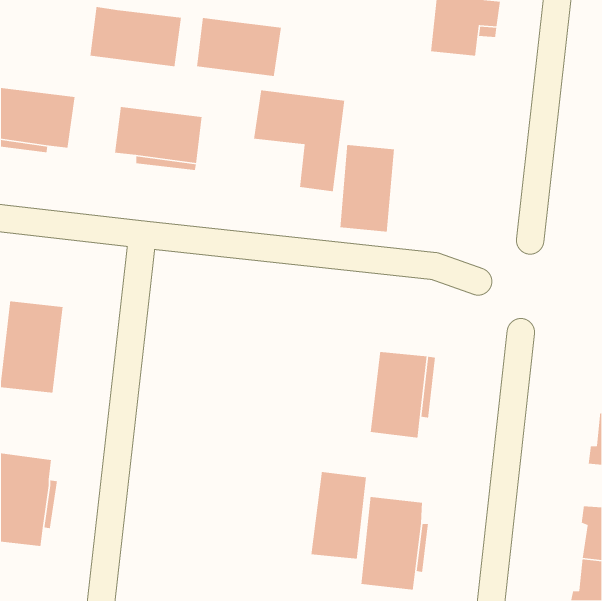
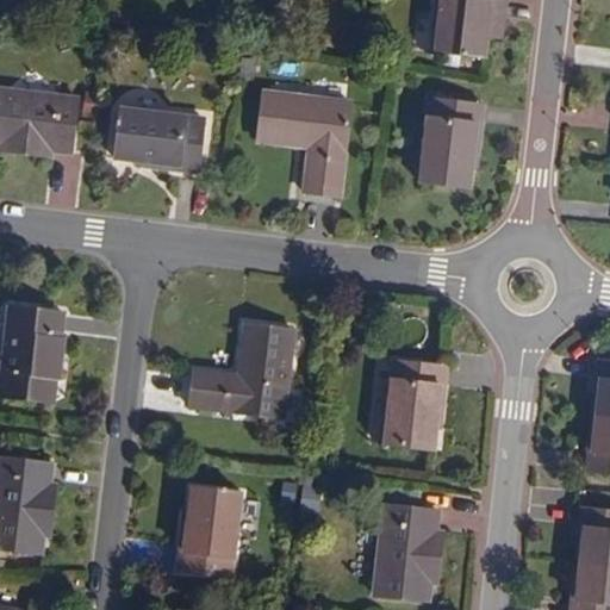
building: [89,6,182,67] -> none
building: [196,17,282,77] -> none
building: [339,144,395,233] -> [419,98,475,187]
building: none -> [192,323,293,413]
building: [310,471,367,559] -> [183,483,241,572]

